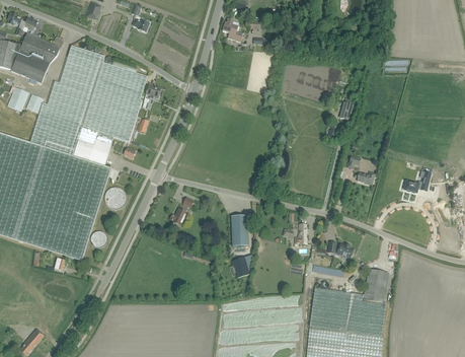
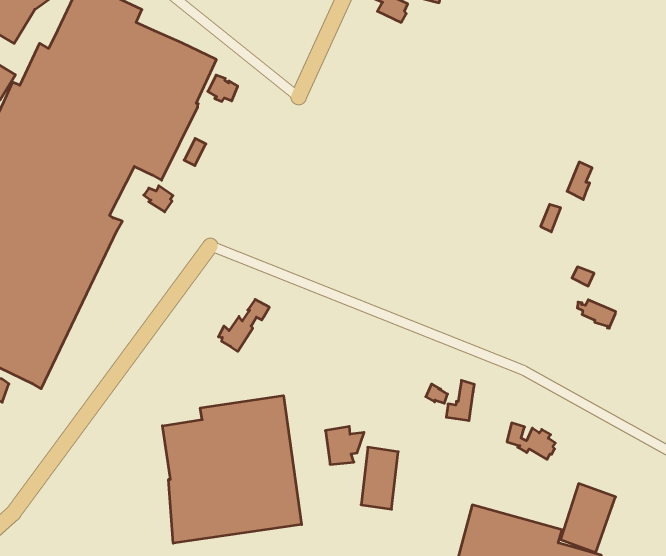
building: [230,215,247,245] -> [361,447,398,509]
building: none -> [162,396,302,543]

